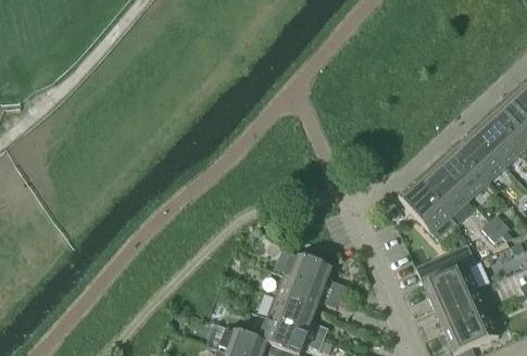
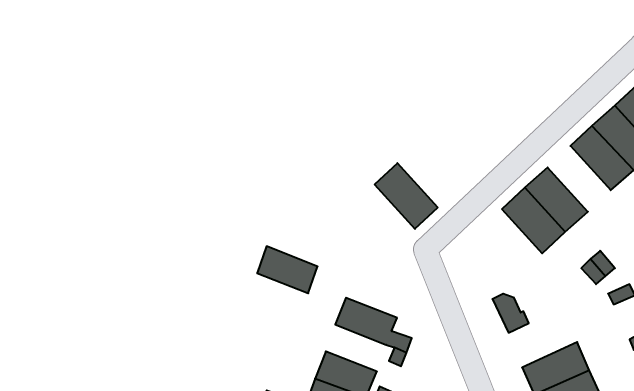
building: [455,130,506,183] -> none
building: [400,181,451,234] -> [375,163,438,229]
building: [424,266,479,309] -> none
building: [276,275,325,313] -> [257,246,318,293]

